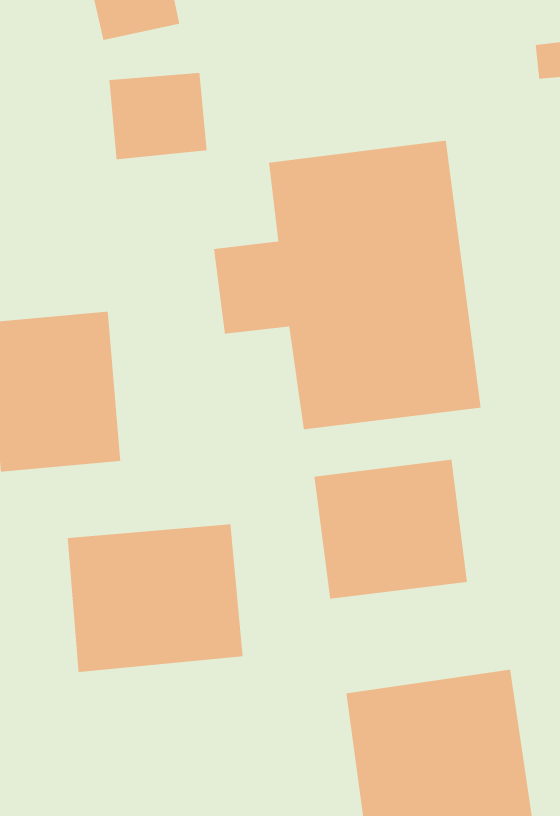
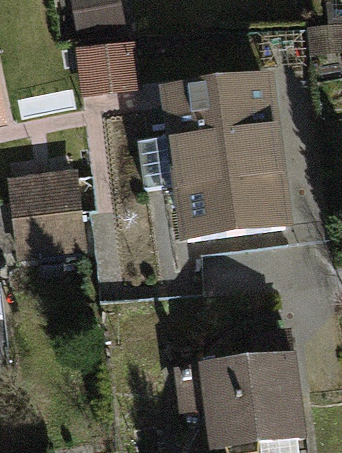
building: [314,459,468,600] -> none
building: [67,524,244,673] -> none

